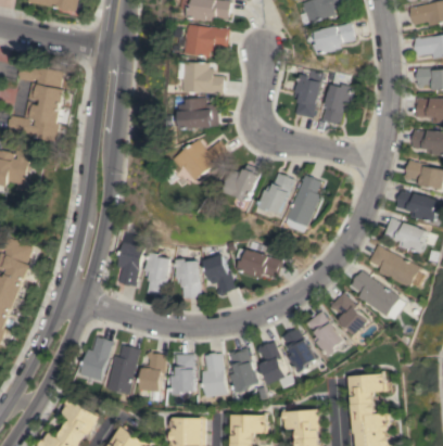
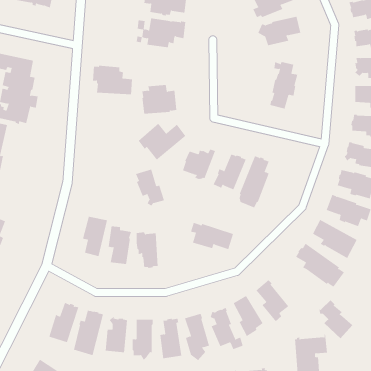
building: [180,61,225,93] -> [92,65,133,95]
building: [293,69,322,117] -> none
building: [203,254,236,295] -> [135,169,165,207]
building: [330,292,368,335] -> [319,299,353,339]

